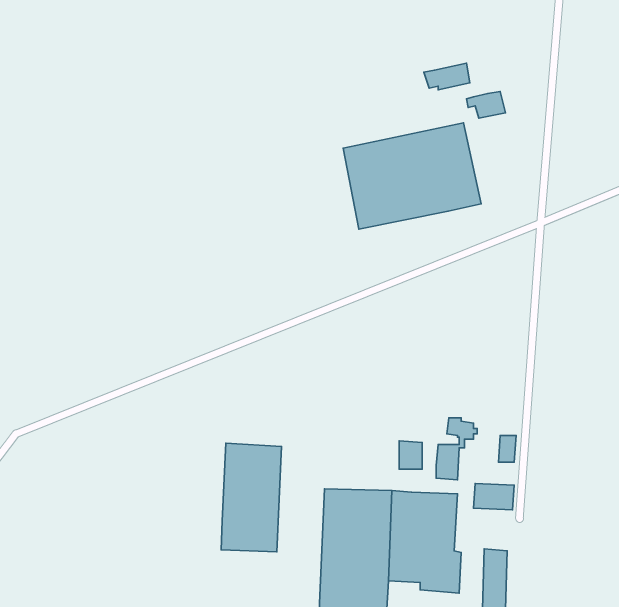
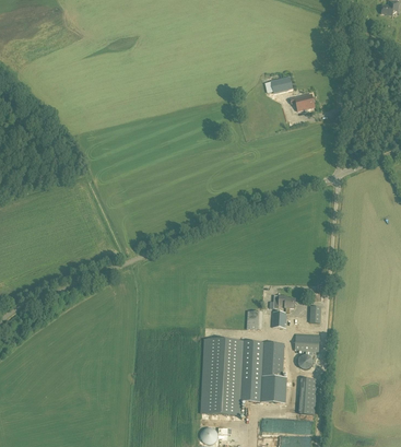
building: [343,123,481,229] -> none
building: [221,443,281,552] -> none

